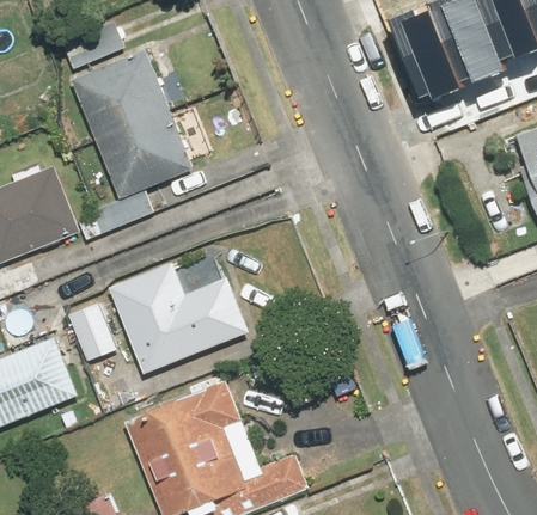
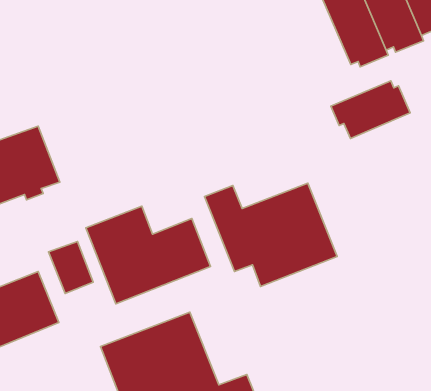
building: [69,44,196,235] -> none
building: none -> [331,81,410,138]
building: none -> [205,183,337,286]

